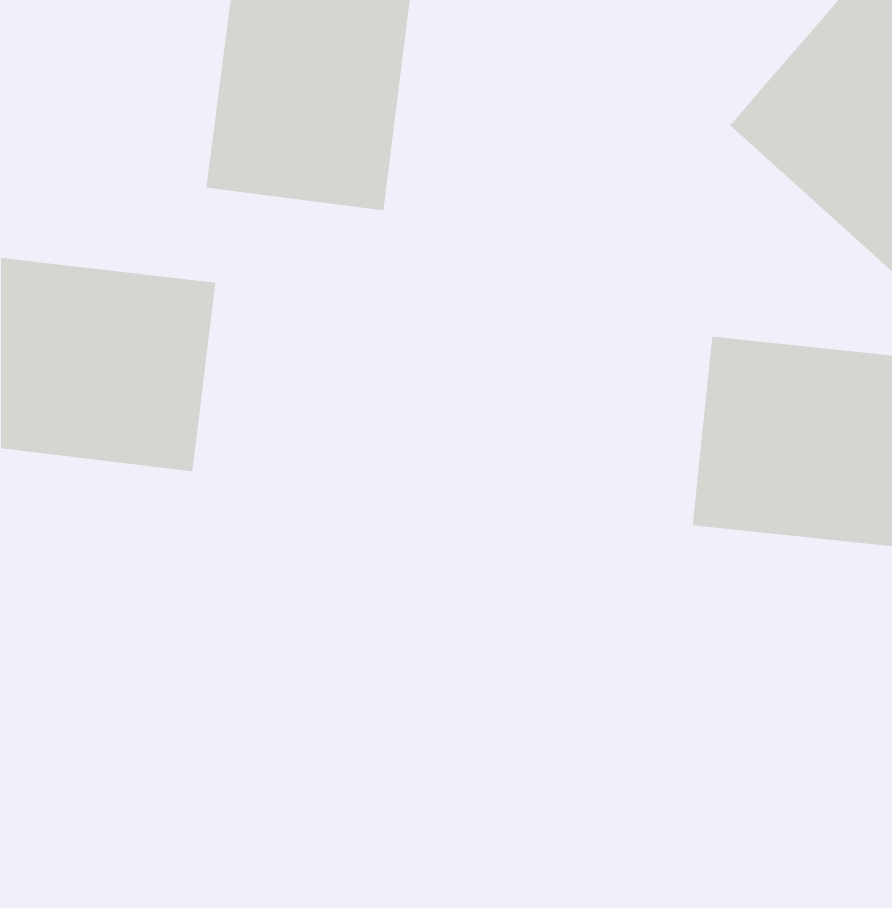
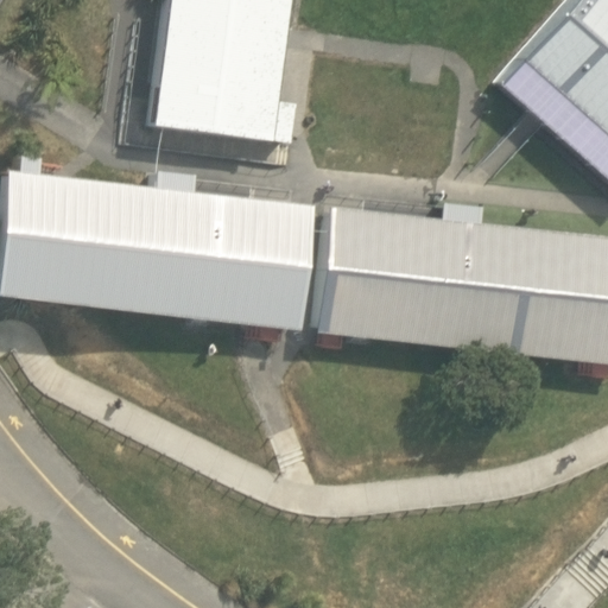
building: none -> [142,188,314,330]
building: none -> [317,207,487,349]

